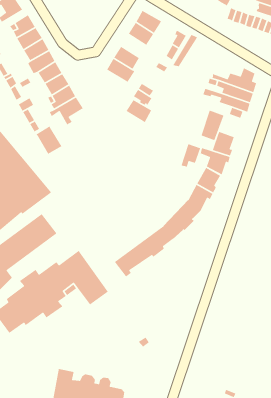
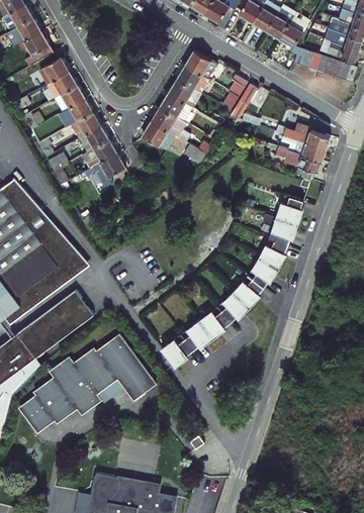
building: none -> [169,80,200,108]
building: [126,99,152,123] -> [143,122,174,150]
building: [201,110,225,141] -> none
building: [36,125,62,155] -> none
building: [181,143,201,168] -> none

